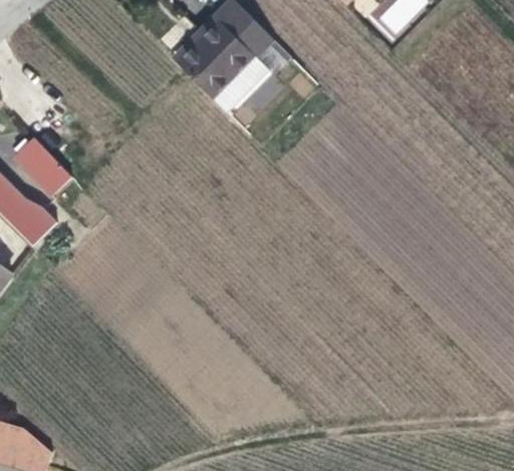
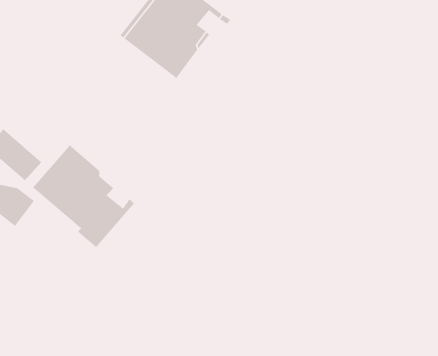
building: none -> [32,144,135,248]

